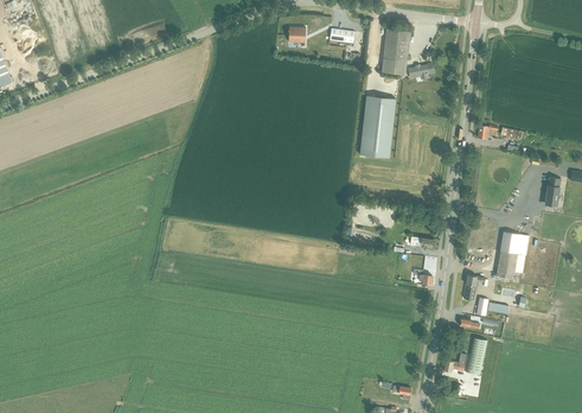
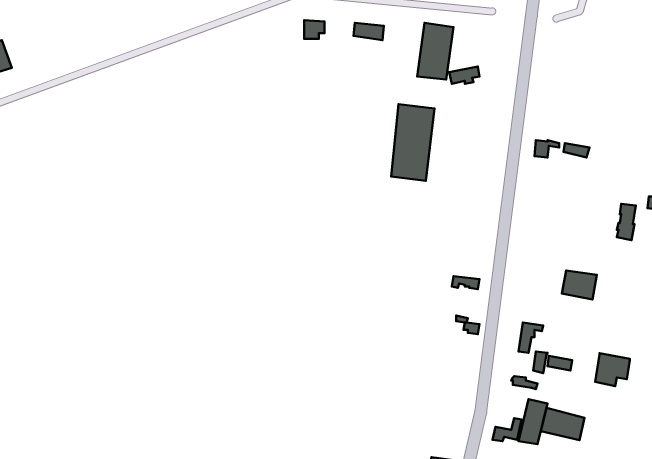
building: [495,250,524,278] -> [595,353,630,386]
building: none -> [541,408,585,440]

